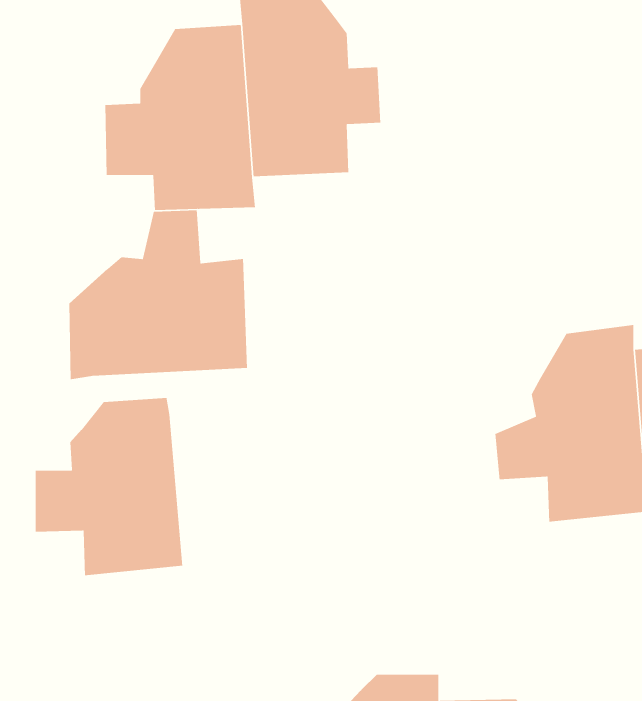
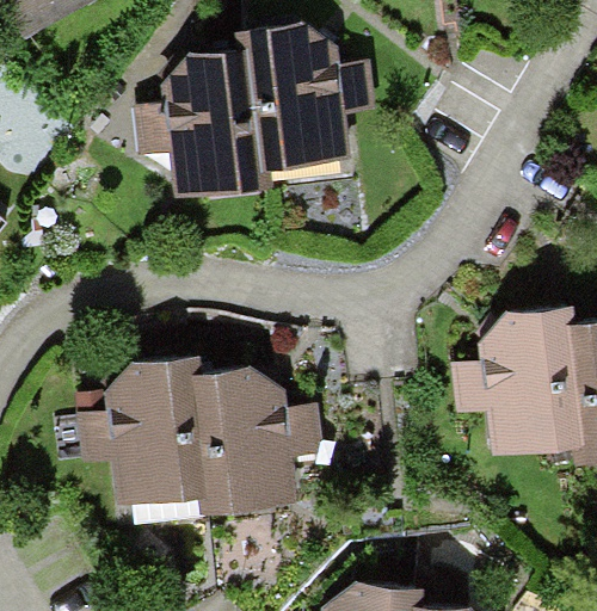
building: [68,209,248,380] -> none
building: none -> [189,366,318,508]

